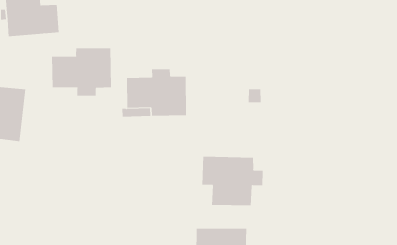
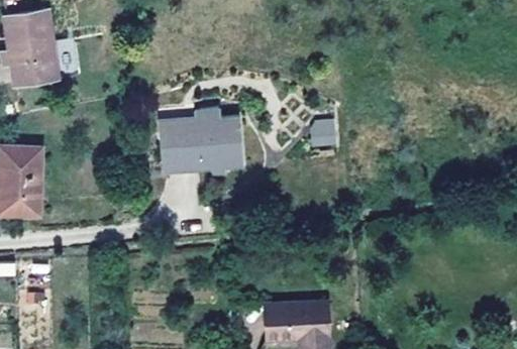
building: [52,47,111,97] -> none
building: [202,156,263,206] -> none

